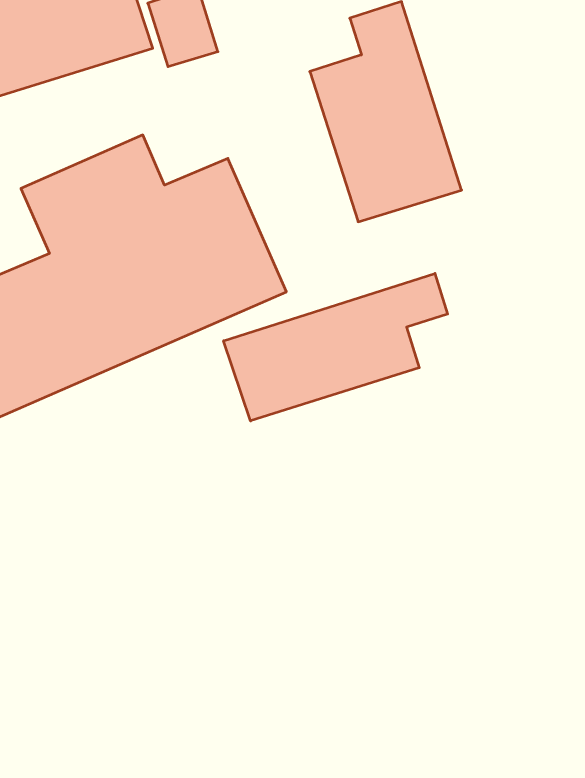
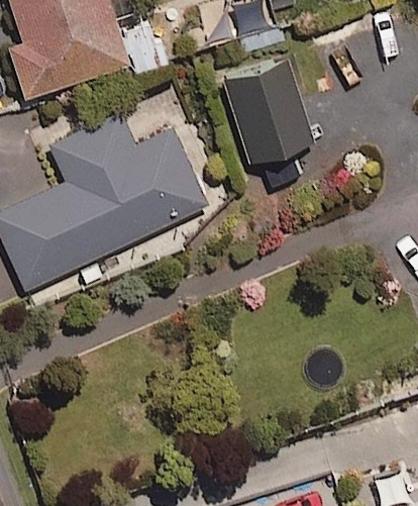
building: [224,273,448,421] -> none

